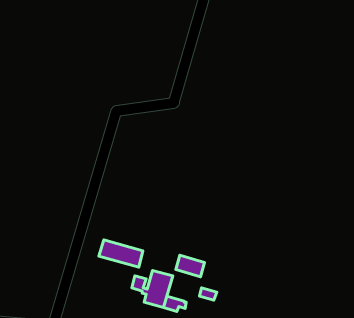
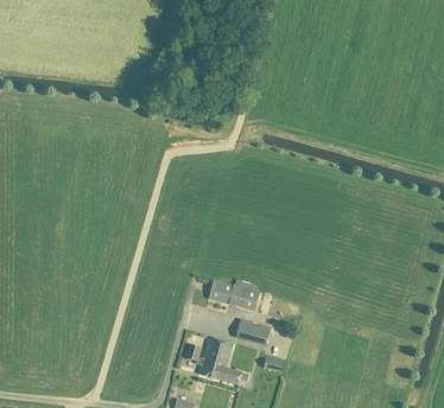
building: [99,240,143,267] -> [207,278,258,310]

